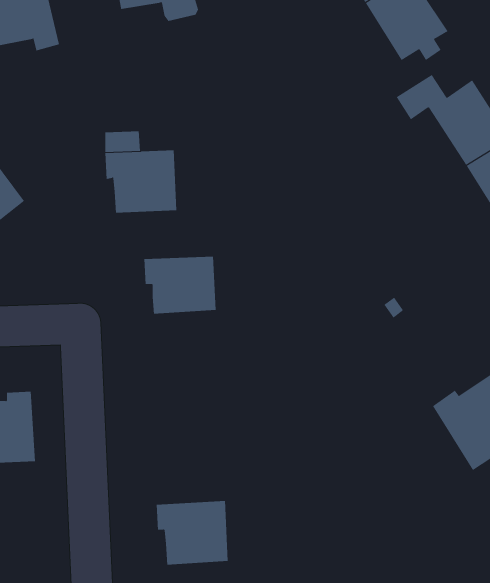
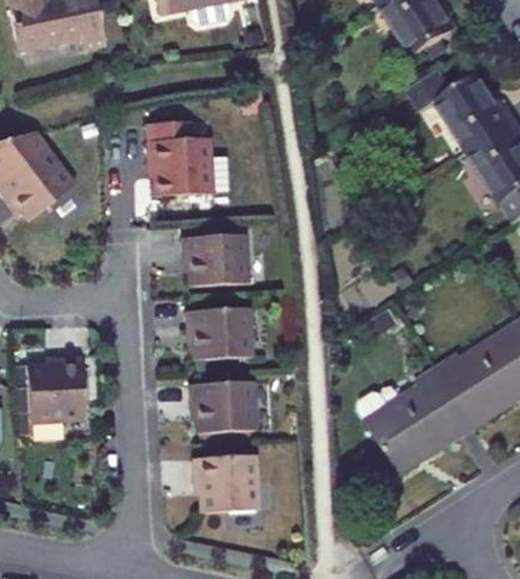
building: none -> [184,307,250,359]
building: none -> [367,369,476,476]
building: none -> [188,381,253,432]

